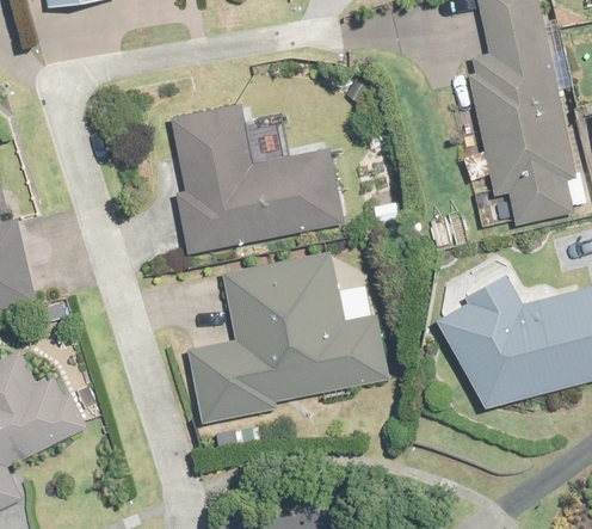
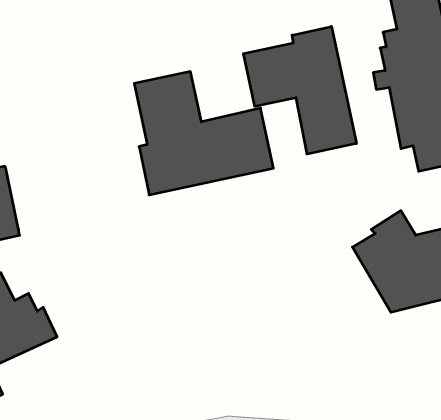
building: none -> [243,26,356,154]
building: [190,252,388,424] -> none

